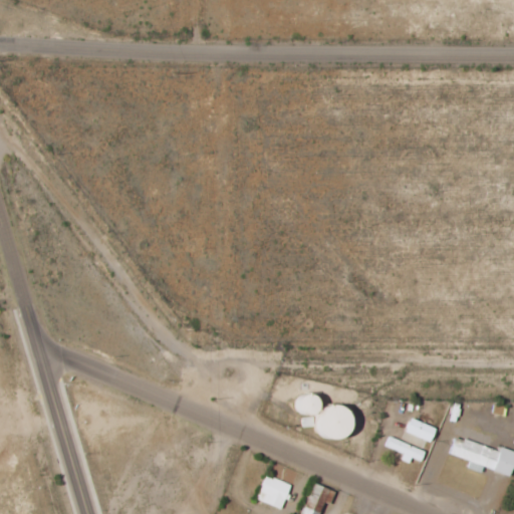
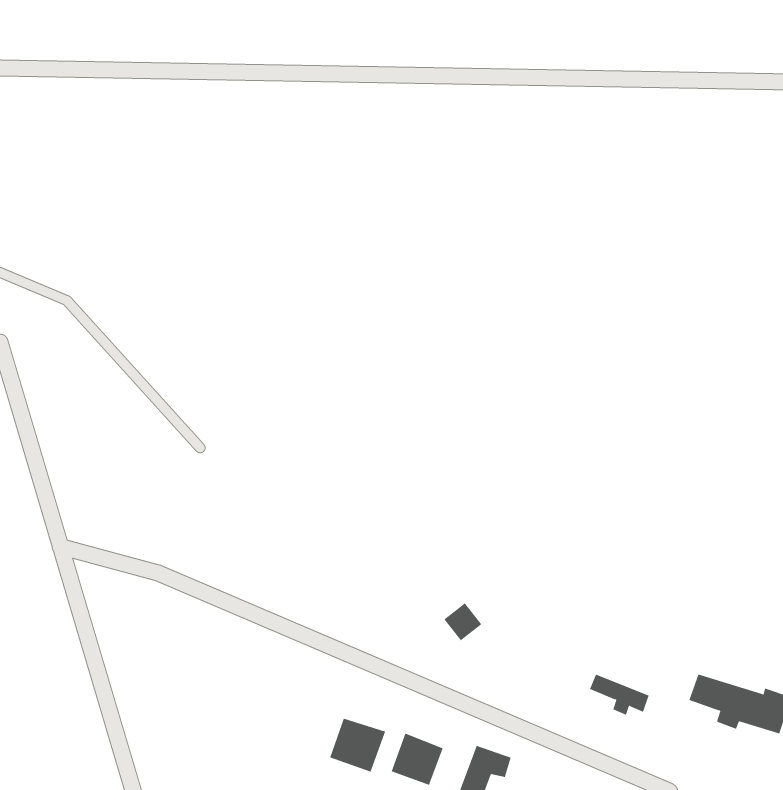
building: [304,402,352,444] -> none
building: [406,419,437,443] -> none
building: none -> [330,718,386,773]

